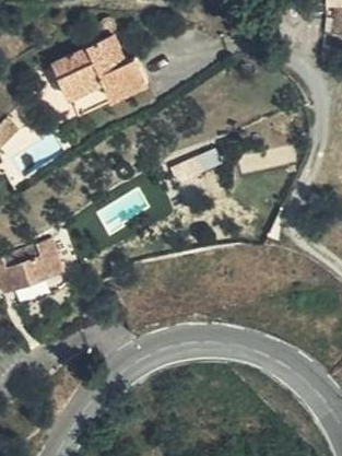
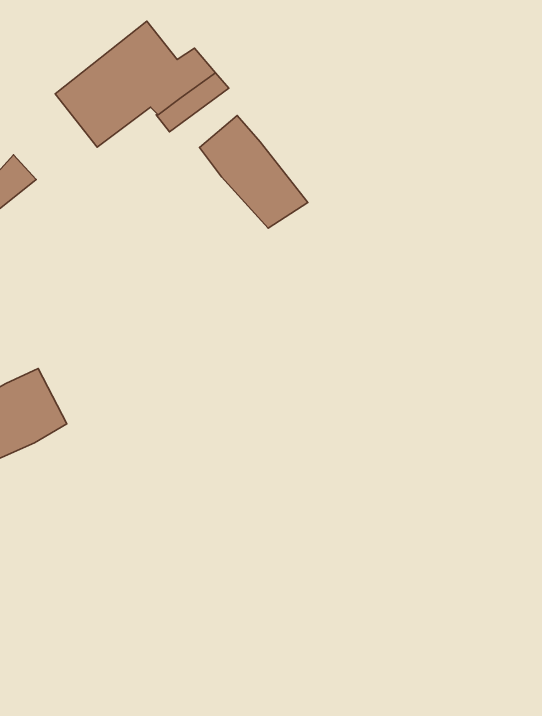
building: none -> [199,116,308,228]

